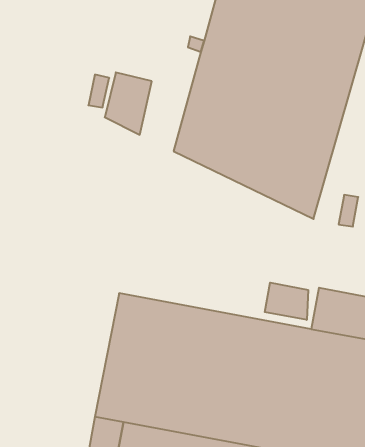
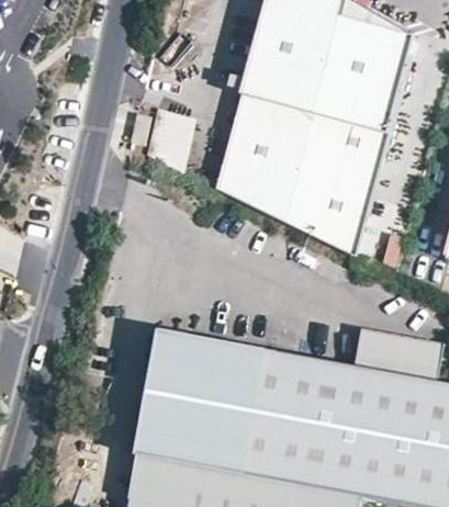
building: [265,283,308,320] -> none

